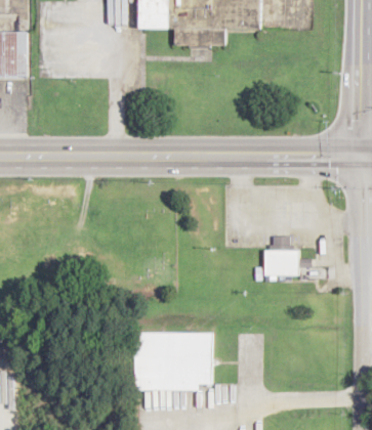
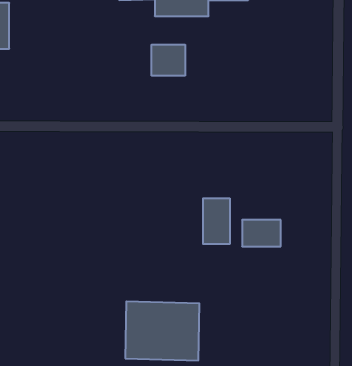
building: none -> [152,45,185,76]
building: none -> [203,198,230,244]

